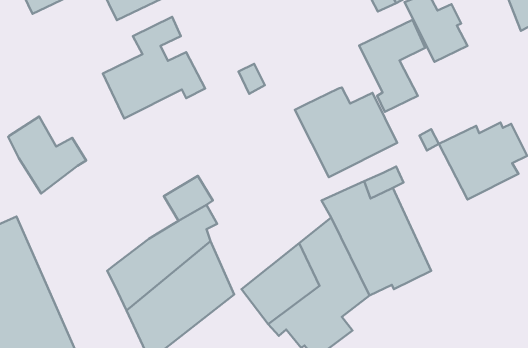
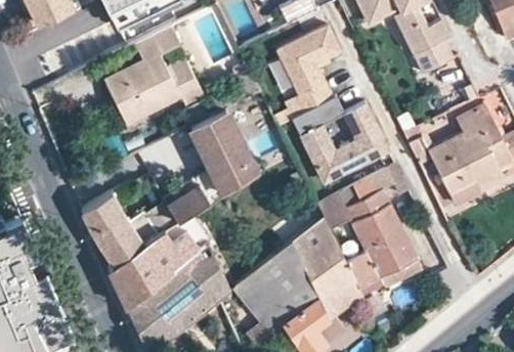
building: [359,20,425,112] -> [273,23,337,111]
building: none -> [454,102,496,138]
building: none -> [189,112,255,194]
building: [8,117,86,193] -> [81,192,156,266]

